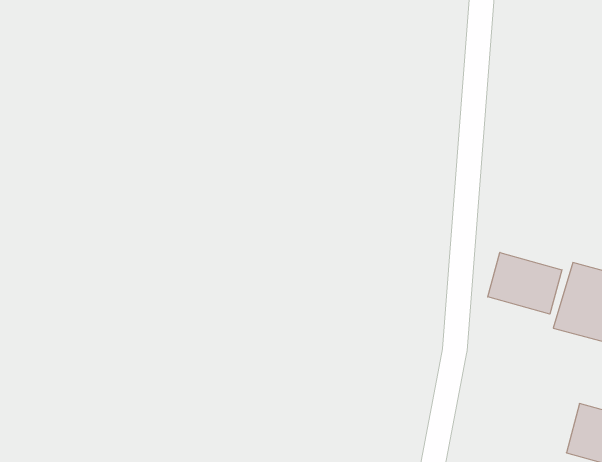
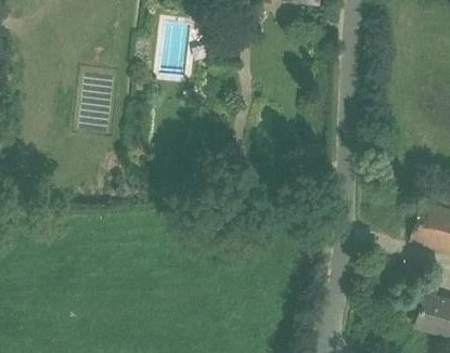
building: [488,252,562,314] -> none

